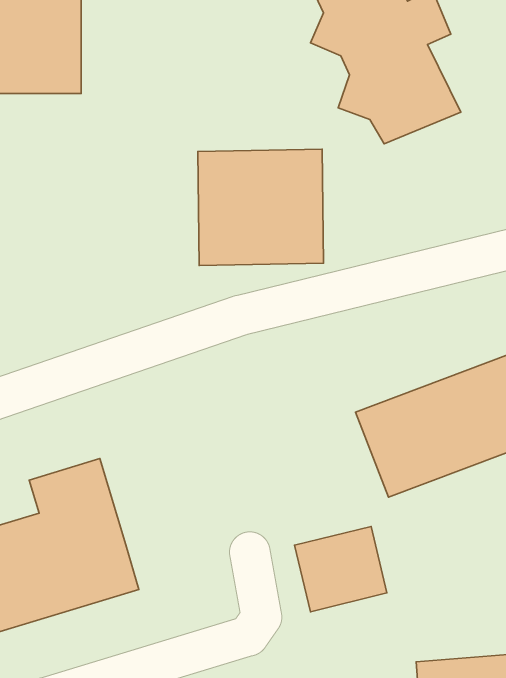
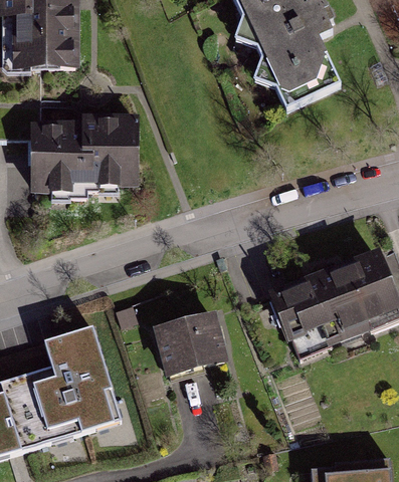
building: [198,149,324,266] -> none
building: none -> [30,117,133,191]
building: [294,527,387,612] -> [157,315,221,375]

